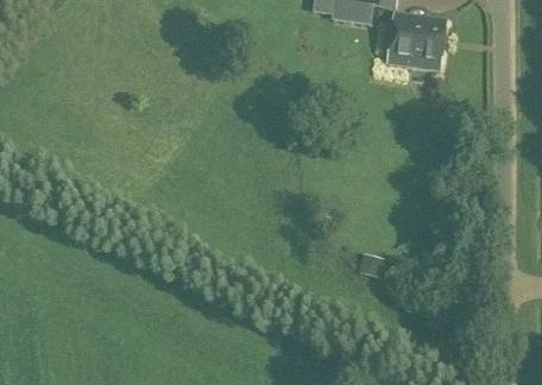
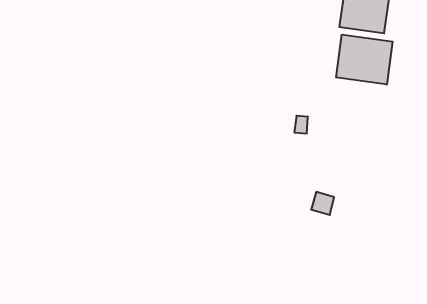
building: none -> [336,35,393,85]

